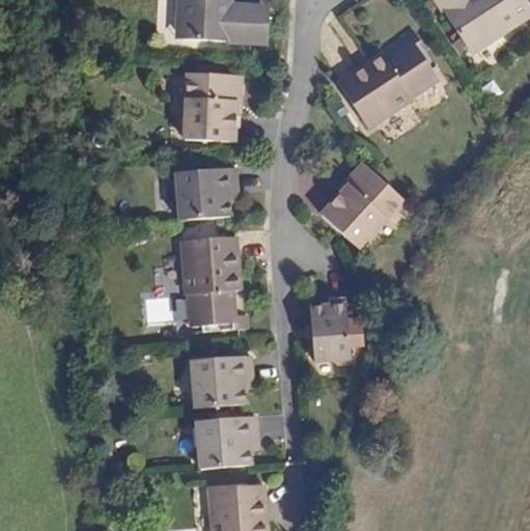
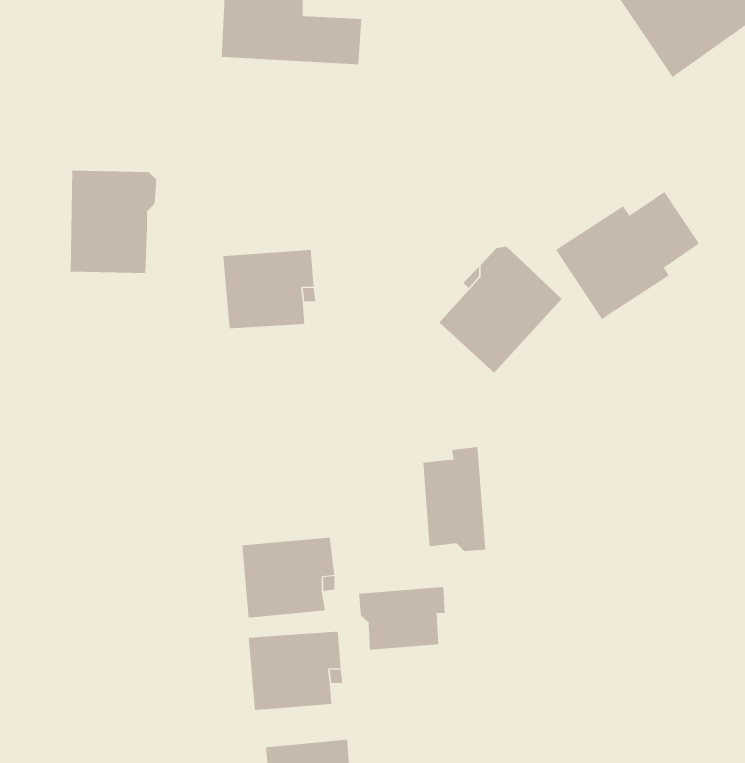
building: [337,44,431,128] -> [555,191,700,320]
building: [187,73,244,140] -> [70,170,157,273]
building: [182,235,240,320] -> none
building: none -> [359,586,445,651]

